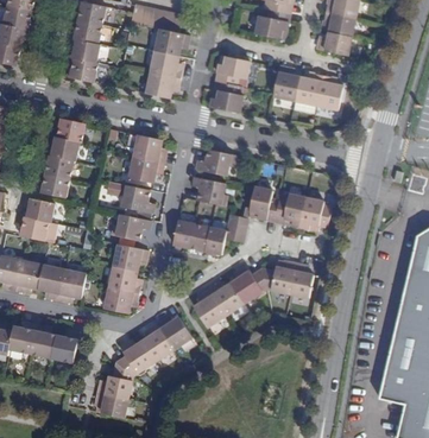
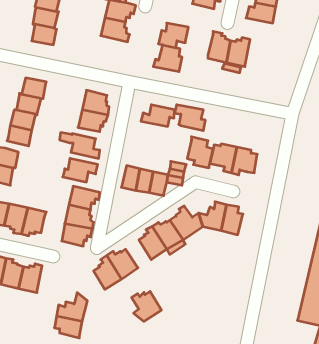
building: [144,70,179,97] -> none
building: [315,75,342,110] -> none
building: [191,177,227,207] -> [175,105,205,131]
building: [119,341,153,375] -> [132,291,161,321]

